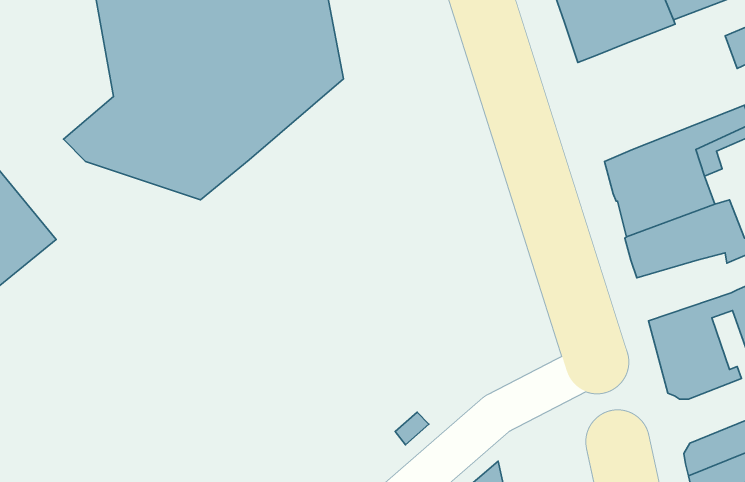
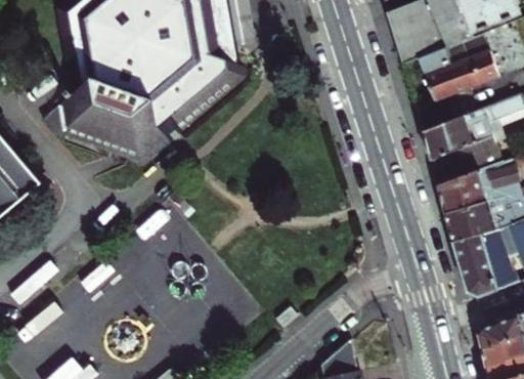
building: none -> [419,36,515,101]
building: none -> [446,202,516,244]

